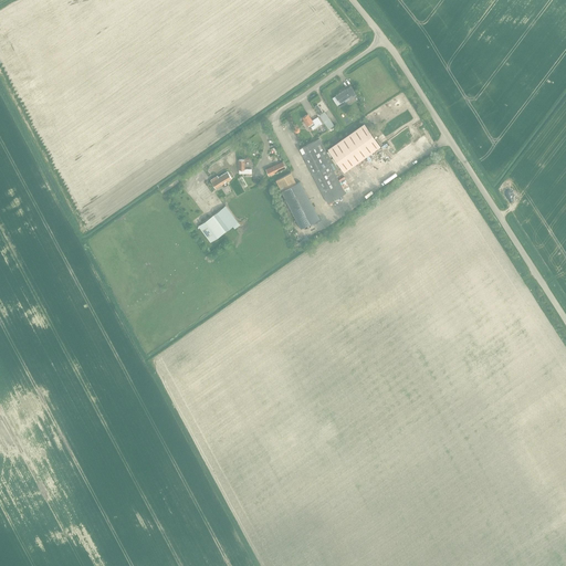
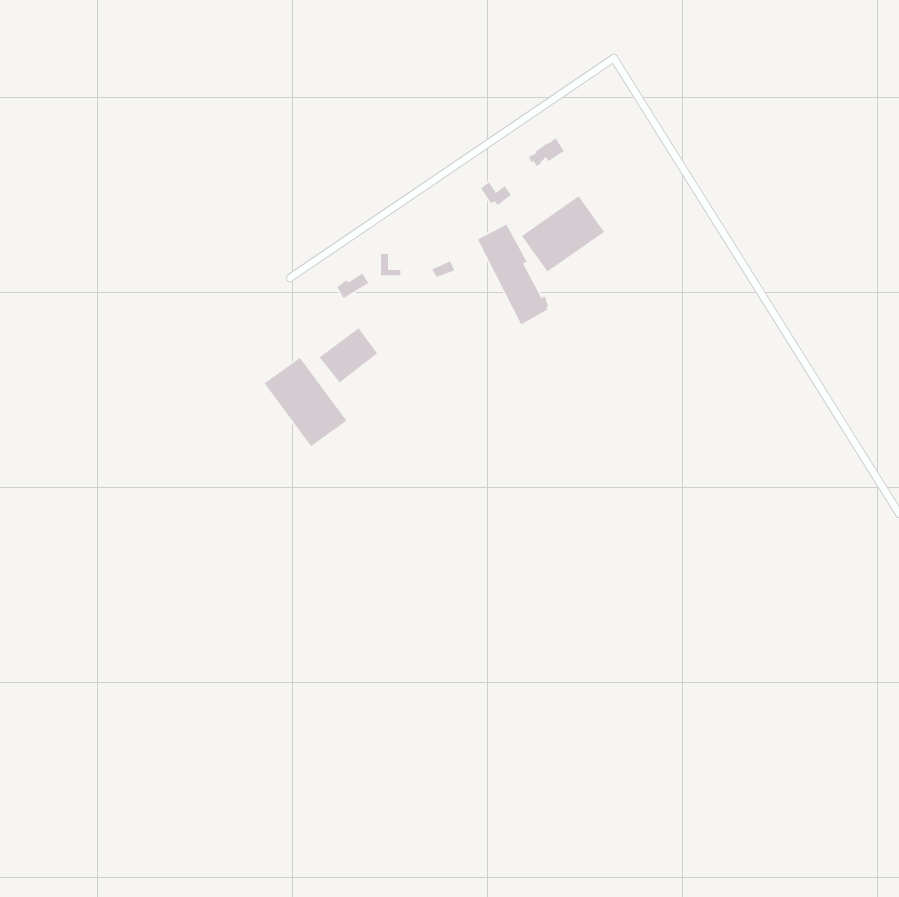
building: [275,174,319,230] -> none
building: none -> [264,357,348,447]

